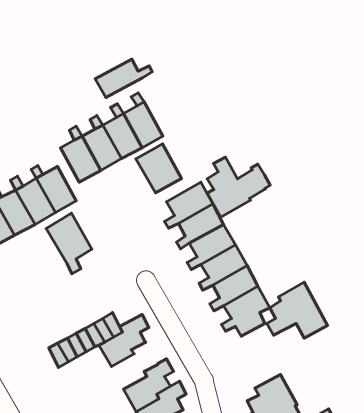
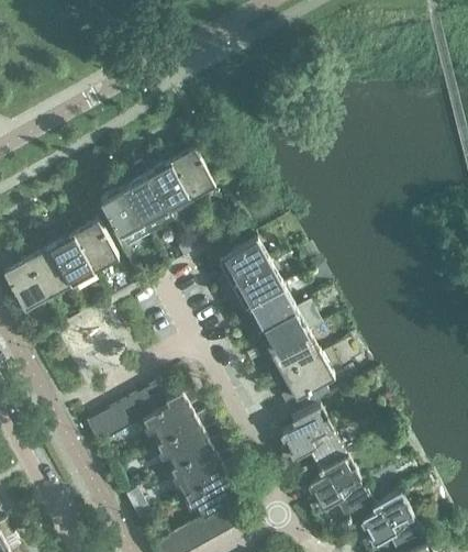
building: [95,59,152,98] -> none
building: [136,144,181,193] -> none
building: [207,157,270,217] -> none
building: [46,213,92,274] -> none
building: [267,282,328,338] -> [278,407,346,470]
building: none -> [157,412,213,472]

